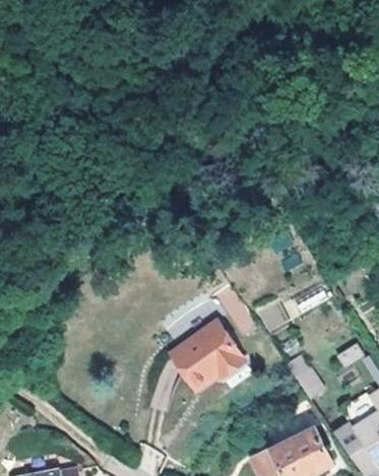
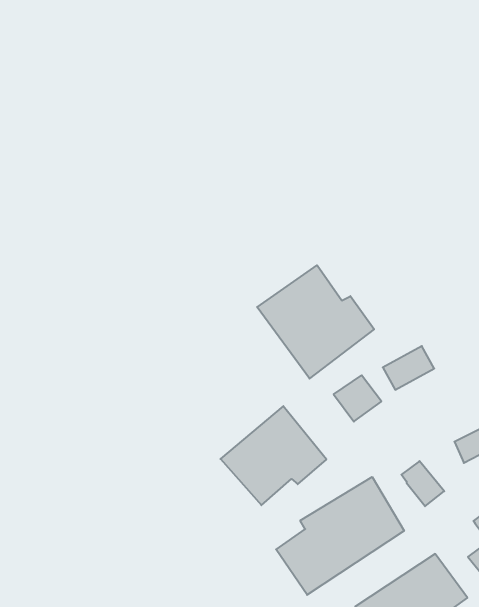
building: none -> [257,265,374,379]
building: none -> [276,477,404,595]

